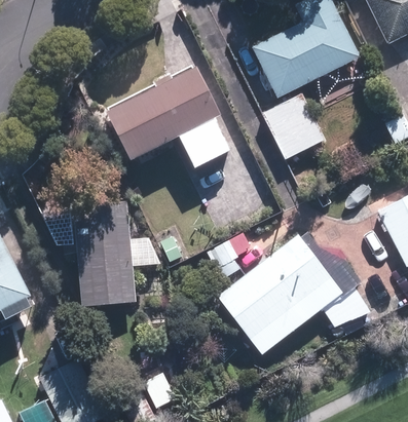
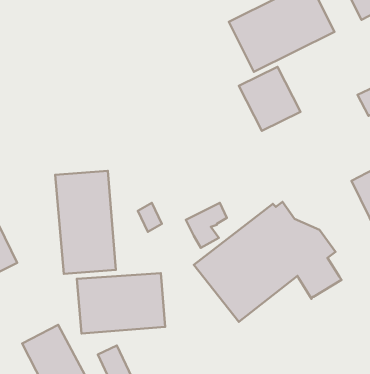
building: [106,66,229,164] -> none
building: none -> [77,273,165,334]

